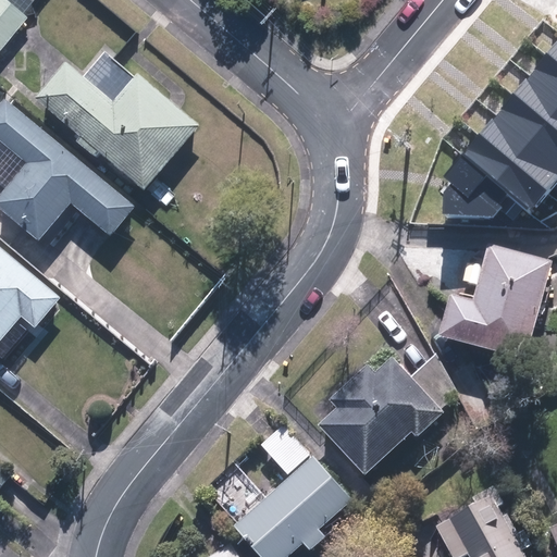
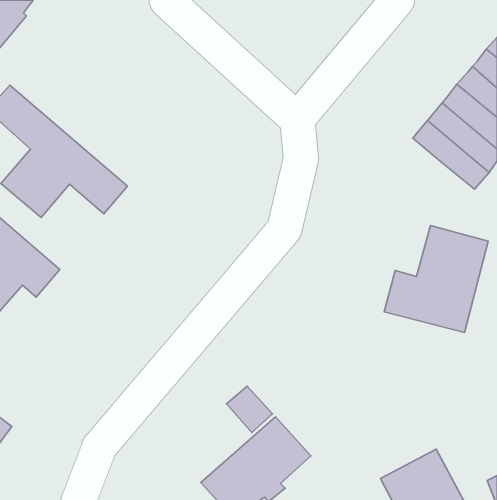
building: [41,48,206,191] -> none
building: [438,154,497,219] -> none
building: [307,356,435,484] -> none

